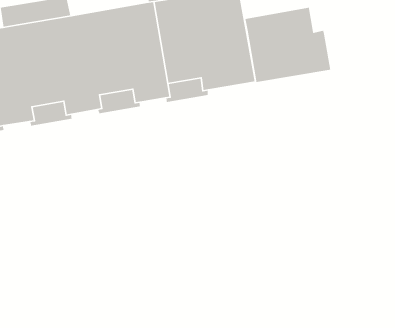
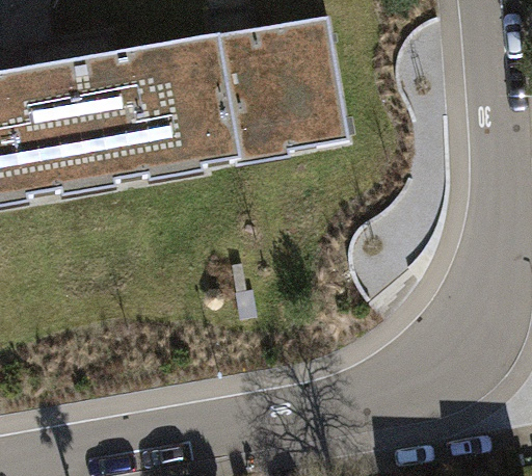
building: [245,7,331,83] -> none

